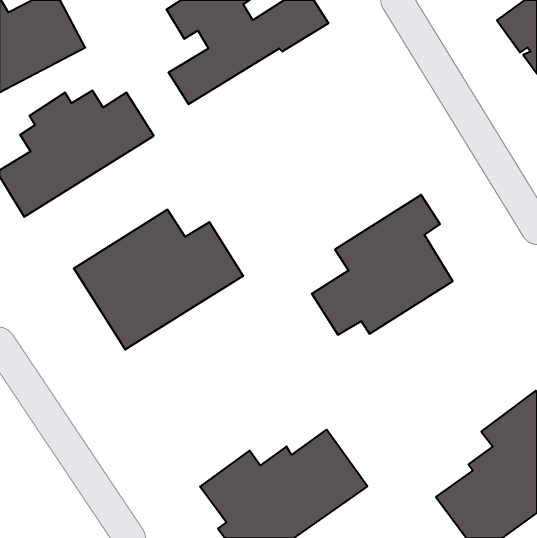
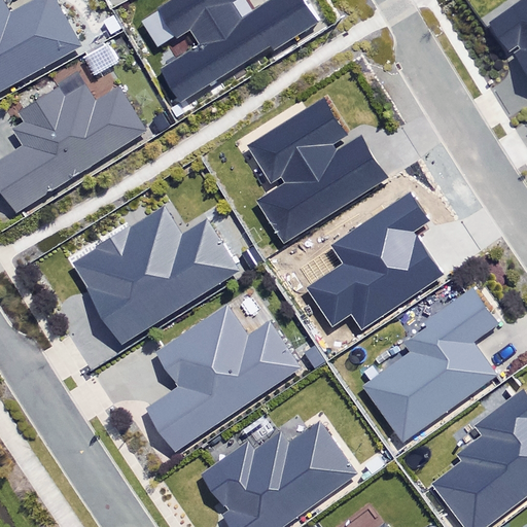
building: none -> [247,96,387,243]
building: none -> [361,282,502,442]
building: none -> [143,303,303,453]

